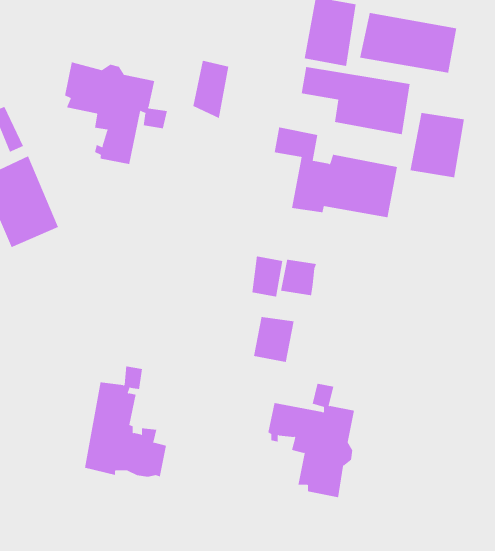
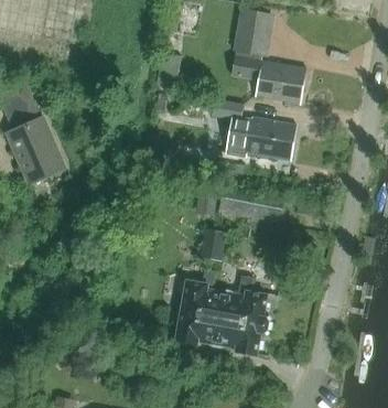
building: [360,12,457,74] -> none
building: [65,61,167,165] -> none
building: [410,112,464,178] -> none
building: [84,366,167,477] -> [175,269,233,346]

